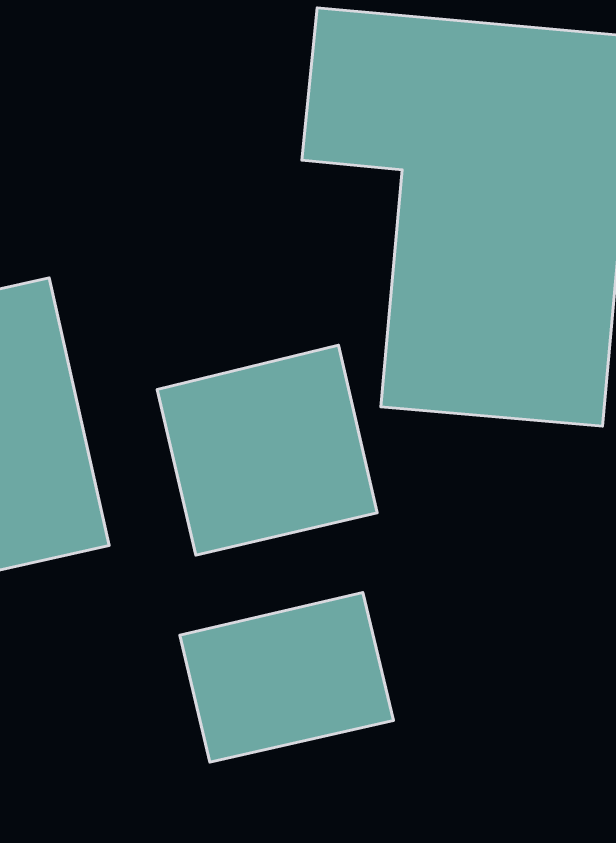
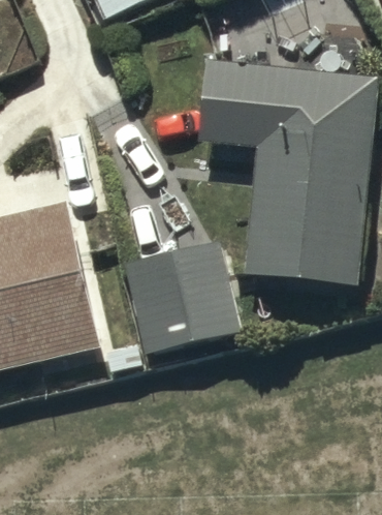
building: [180,592,394,762] -> none

